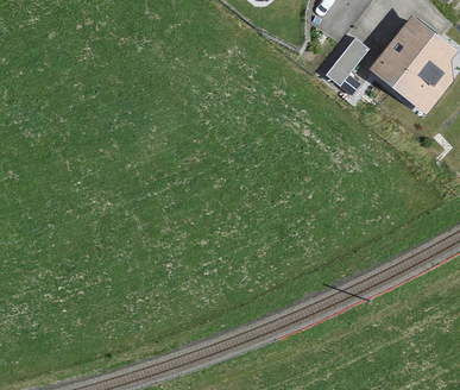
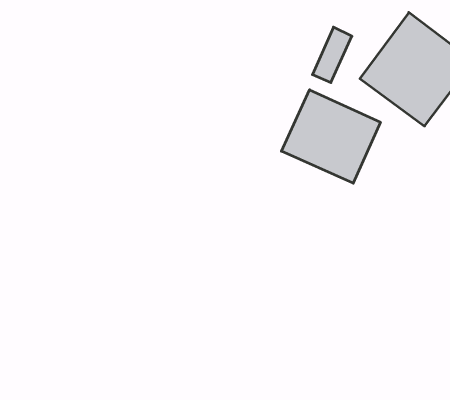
building: none -> [281,90,380,183]

